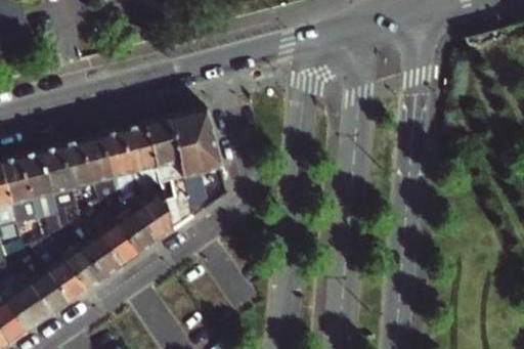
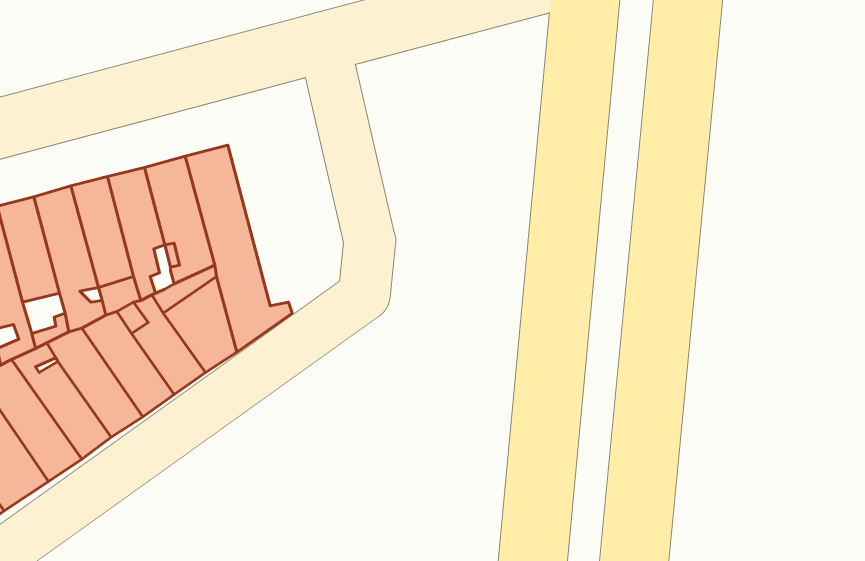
building: [169,105,227,208] -> none

